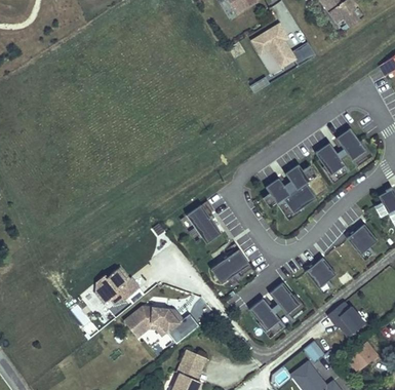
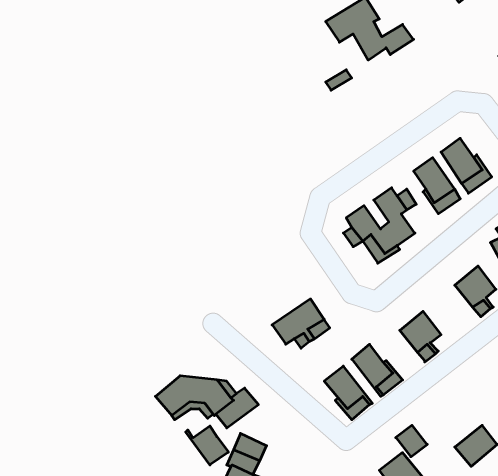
building: [186,203,222,242] -> none
building: [95,266,140,303] -> none
building: [325,302,363,340] -> none
building: none -> [186,426,228,465]

